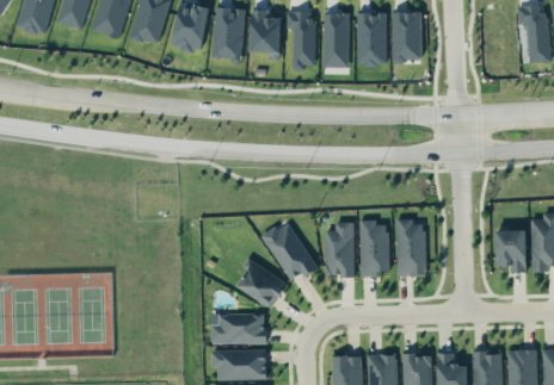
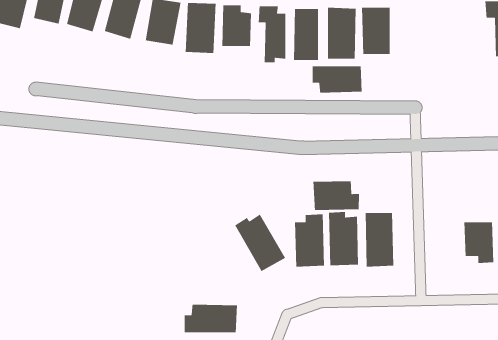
building: none -> [312,65,363,93]
building: none -> [313,181,360,211]
building: [236,257,288,308] -> none

